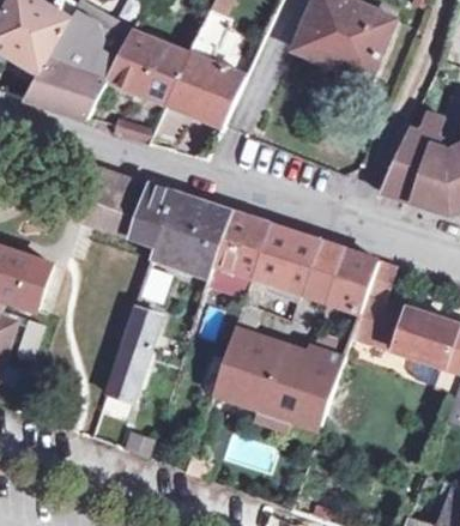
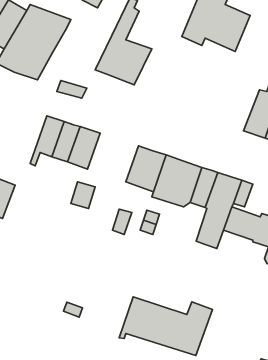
building: [107,30,193,102] -> none
building: [153,193,231,277] -> none
building: [107,308,163,403] -> none
building: [210,340,344,424] -> [119,297,213,355]

